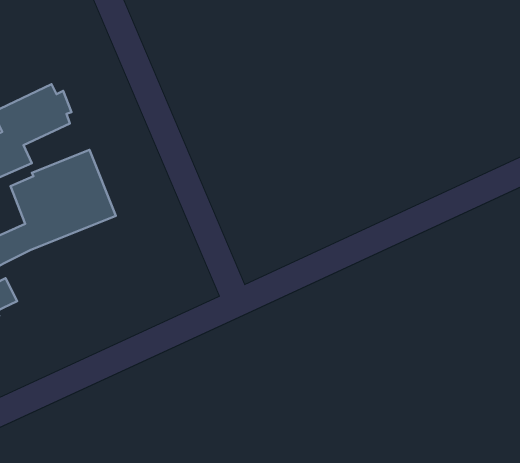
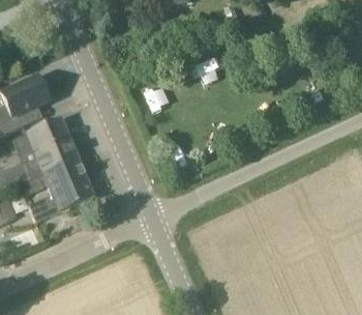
building: none -> [24,156,94,220]

